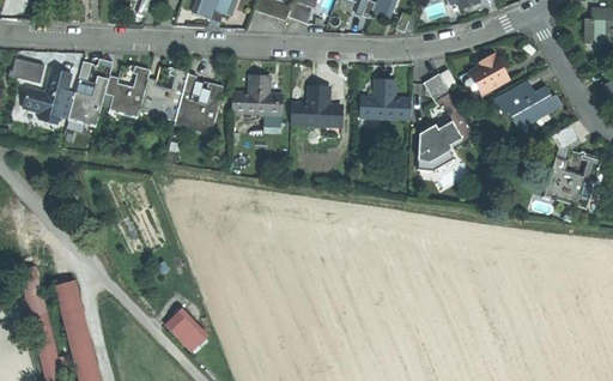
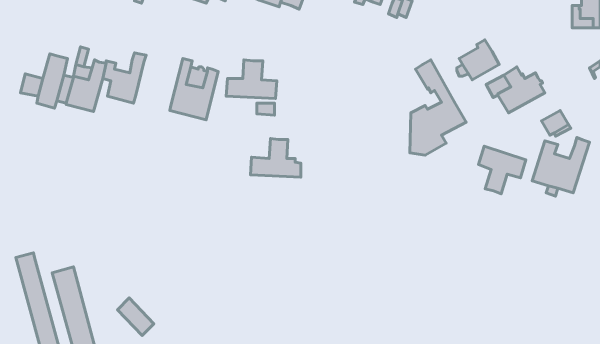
building: [11,56,45,84] -> none
building: [139,69,188,121] -> none
building: [359,79,412,119] -> none
building: [290,85,341,125] -> [250,138,301,177]
building: none -> [479,146,526,194]
building: [168,315,205,353] -> [117,298,154,336]

